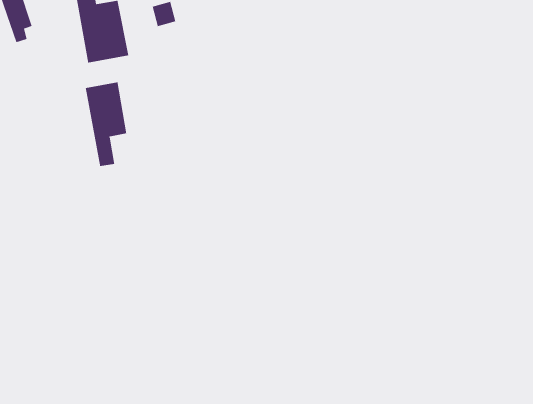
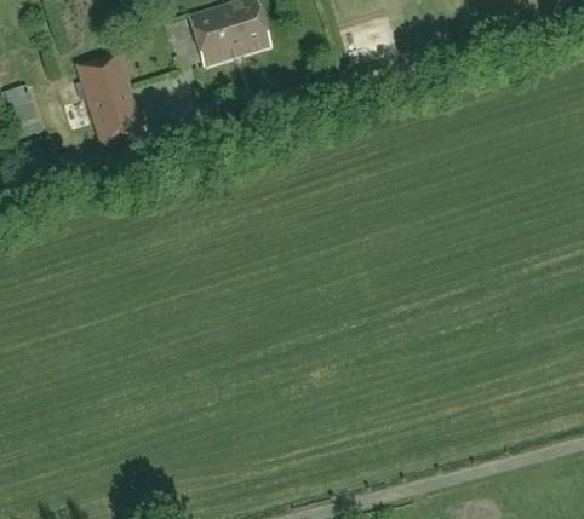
building: [85,81,127,167] -> none

